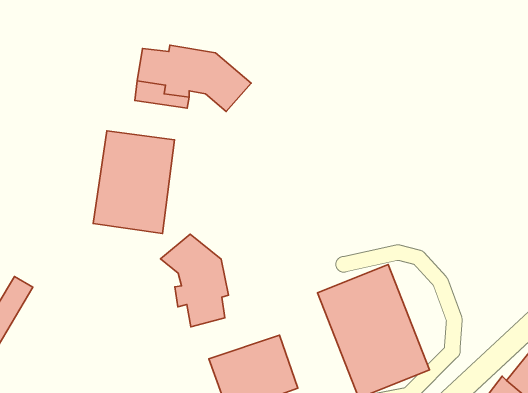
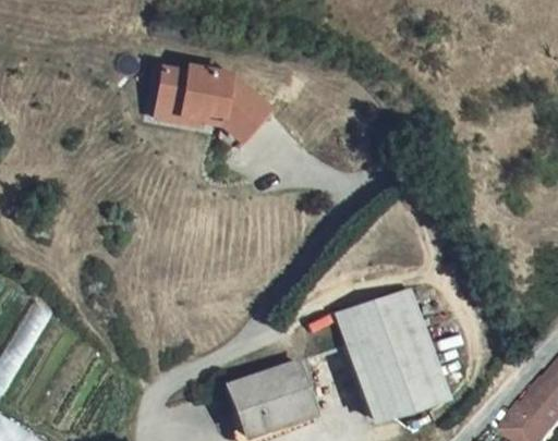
building: [93,131,174,234] -> none
building: [160,234,229,327] -> none

